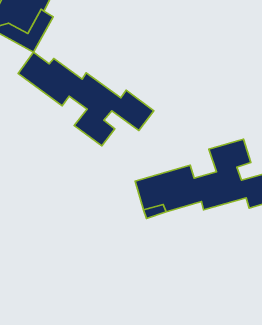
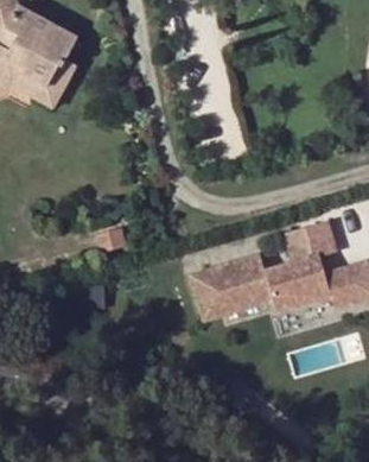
building: [18,52,154,146] -> none

